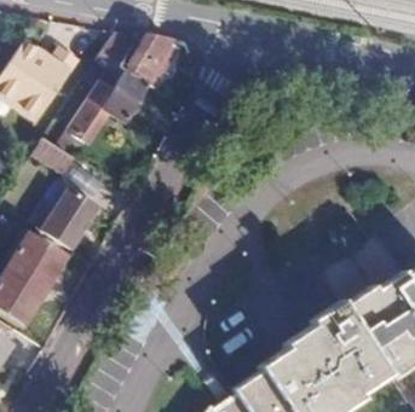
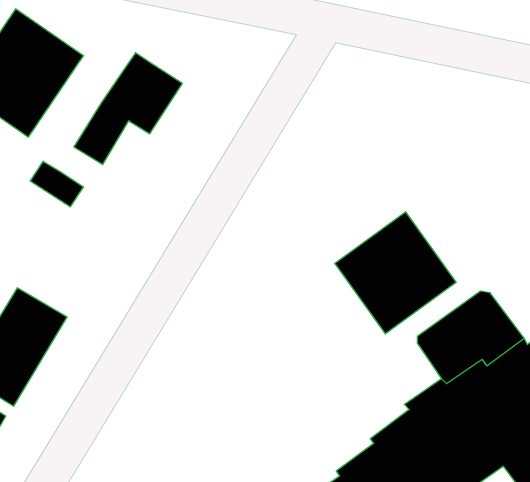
building: [96,33,177,86] -> none
building: none -> [335,212,456,334]
building: [41,188,98,250] -> none

